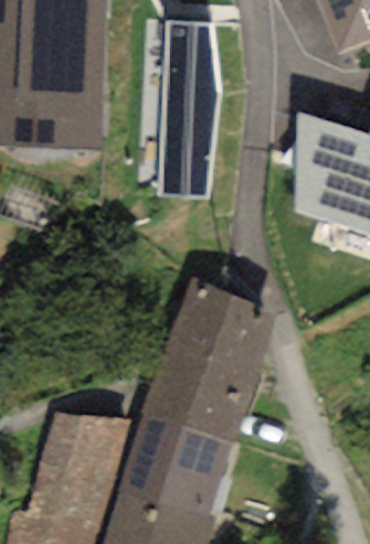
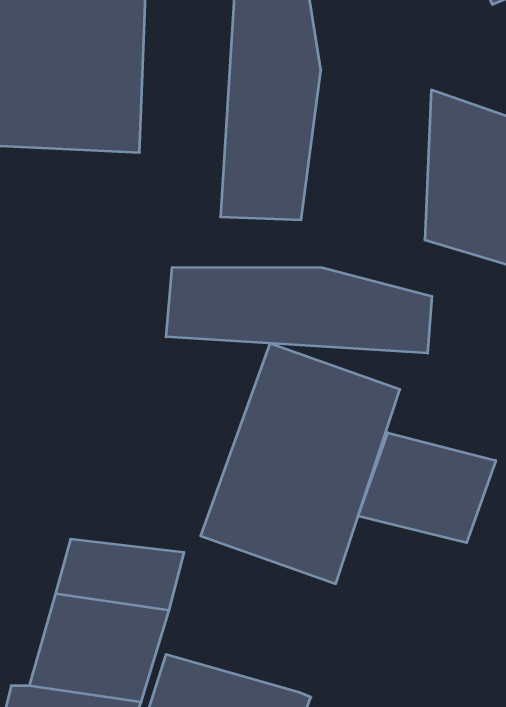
building: none -> [166,267,432,353]
building: none -> [358,433,496,543]
building: [119,409,233,514] -> none

